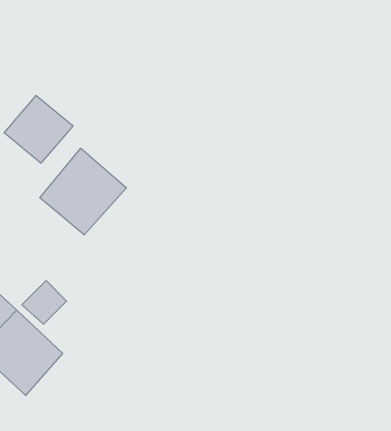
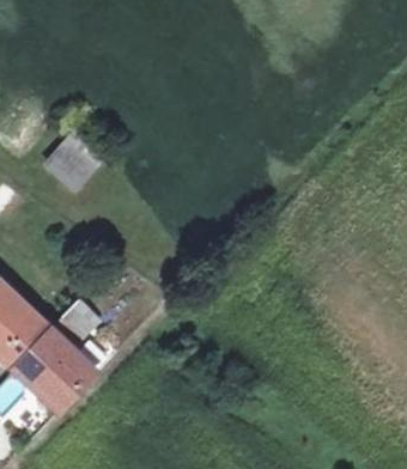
building: [40,148,127,235] -> none

